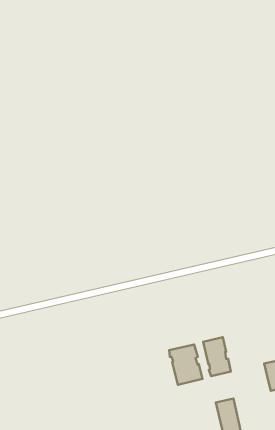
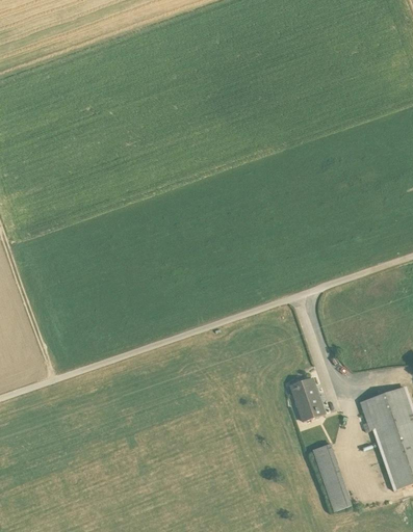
building: [169,344,203,385] -> none

